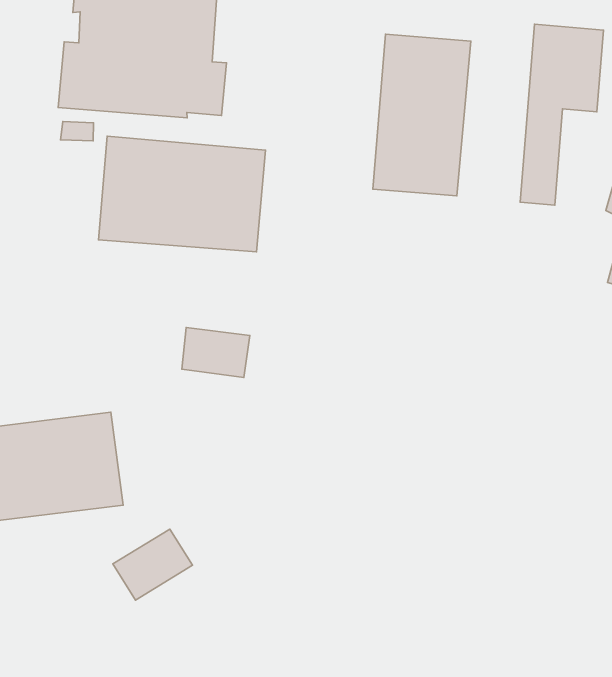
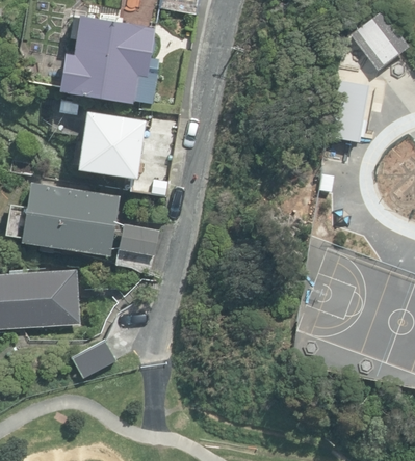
building: [373,34,471,196] -> none
building: none -> [22,182,121,256]

